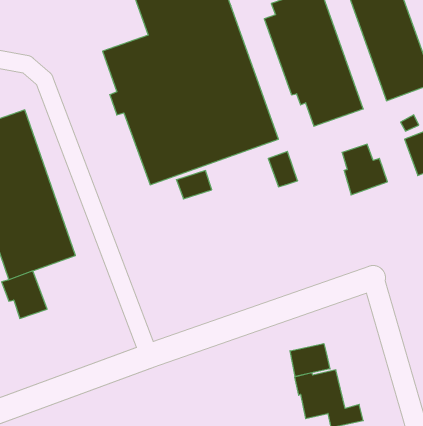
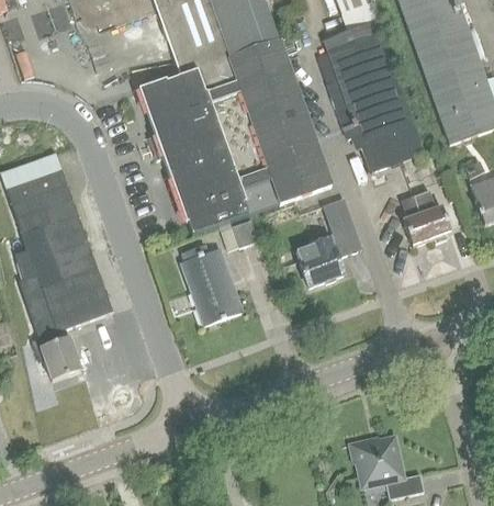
building: none -> [295,234,347,285]
building: none -> [181,244,239,323]
building: [290,344,330,377] -> none

